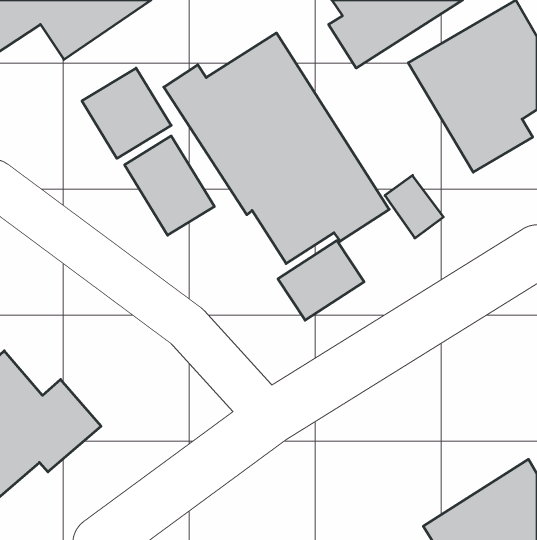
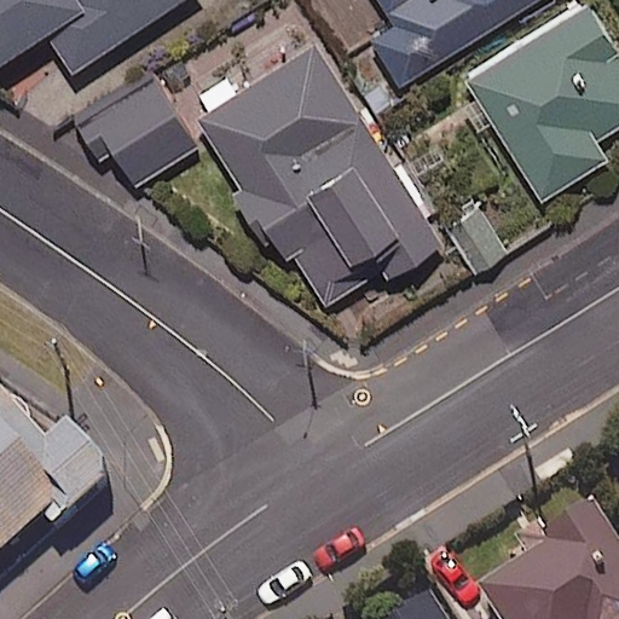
building: [125,136,214,235] -> none
building: [278,241,364,320] -> none

